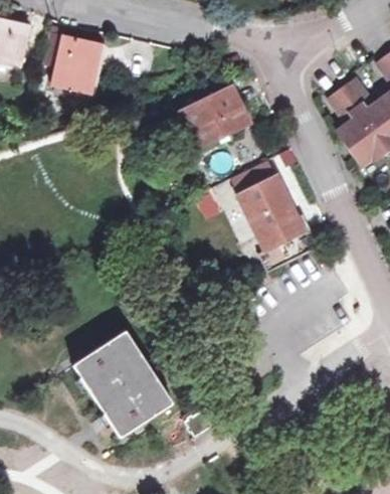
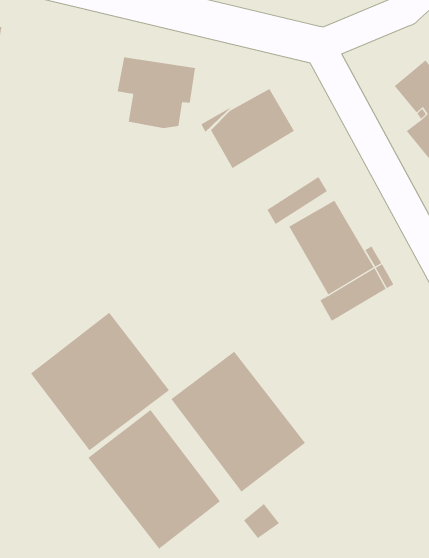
building: [43,33,106,91] -> [117,57,196,129]
building: none -> [30,312,170,451]
building: none -> [171,351,306,492]

